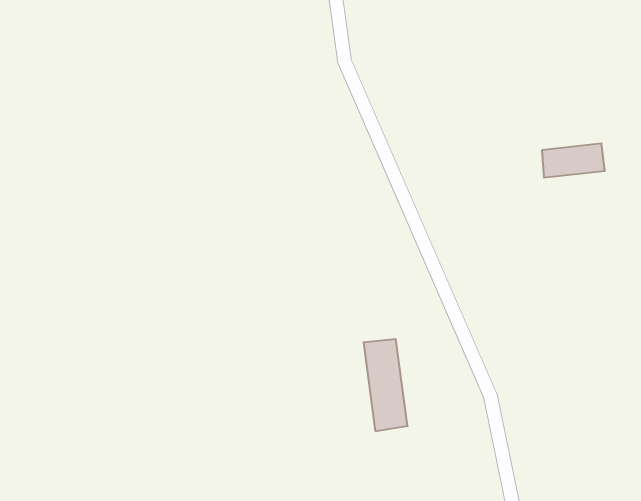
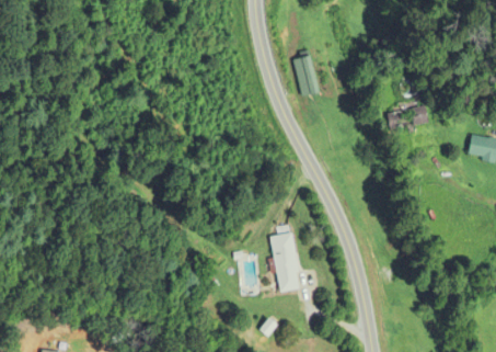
building: none -> [292,55,320,95]

